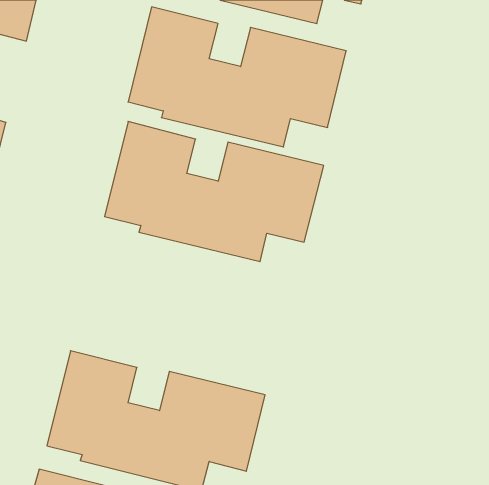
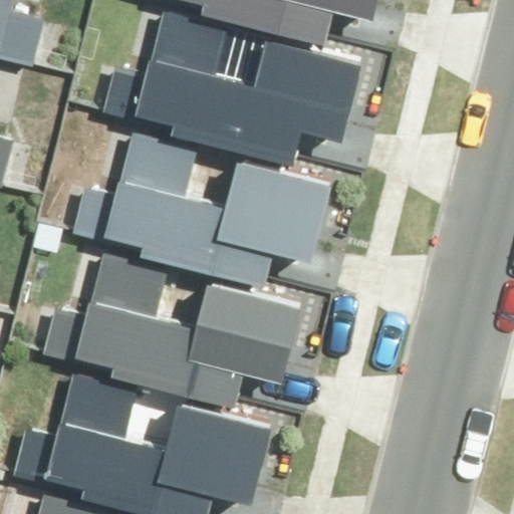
building: none -> [75,253,299,397]

